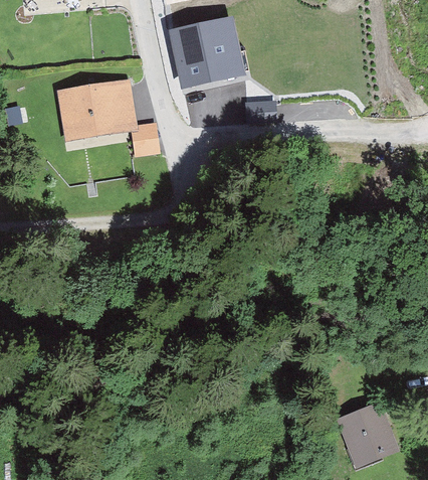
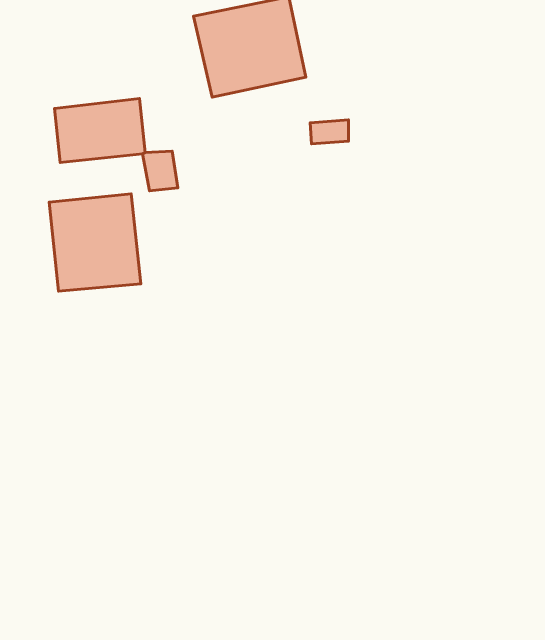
building: none -> [49,194,141,291]
building: [351,408,395,459] -> none

